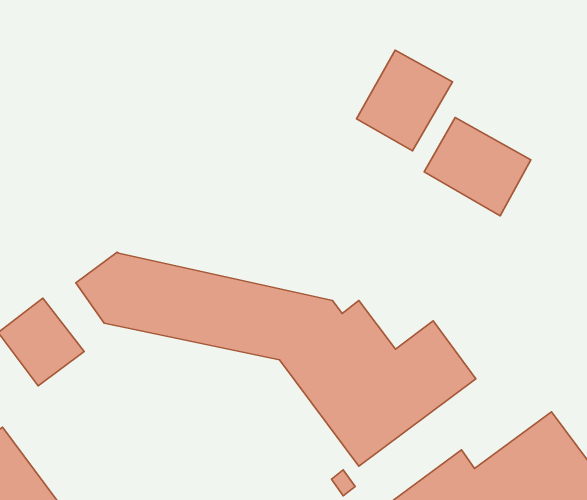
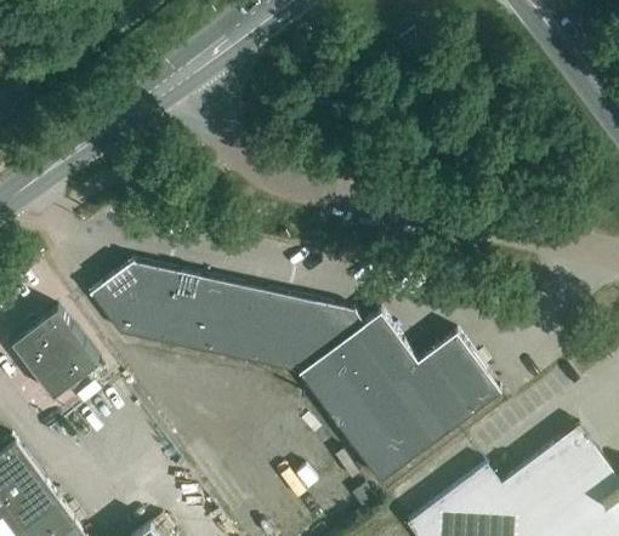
building: [356,50,452,151] -> none
building: [424,117,531,216] -> none

